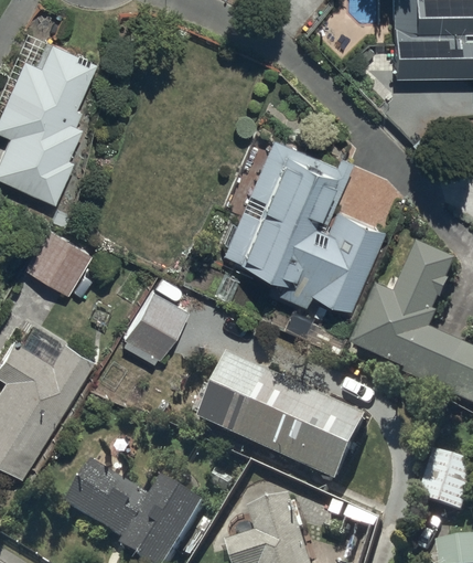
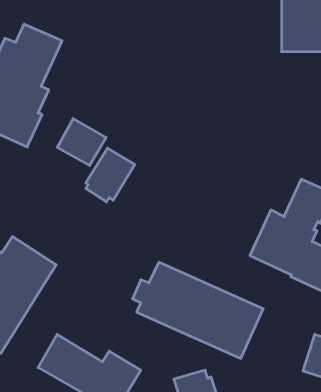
building: [222,141,381,315] -> none
building: [26,231,92,294] -> [57,118,106,166]
building: [122,291,187,363] -> [86,148,135,202]

